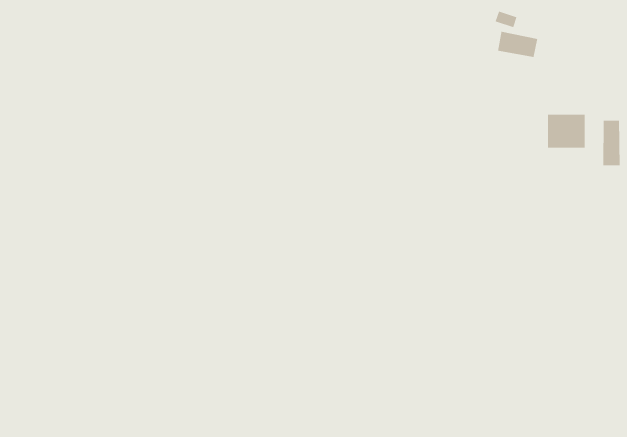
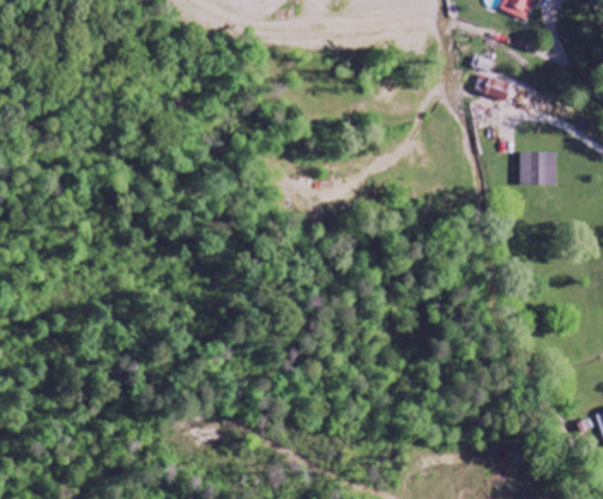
building: [602,120,620,166] -> none

